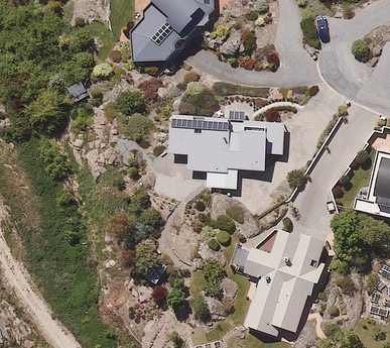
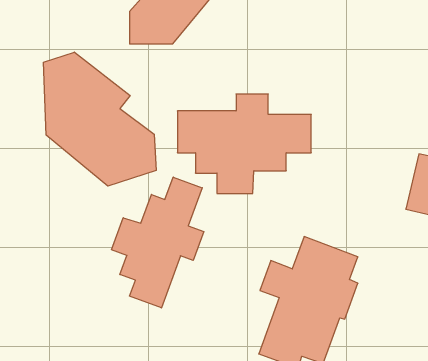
building: none -> [44,52,156,186]
building: none -> [112,177,204,308]

